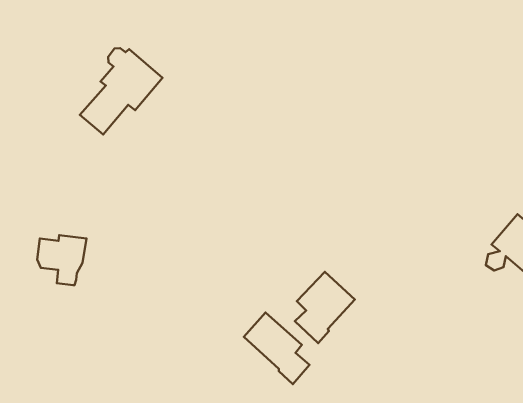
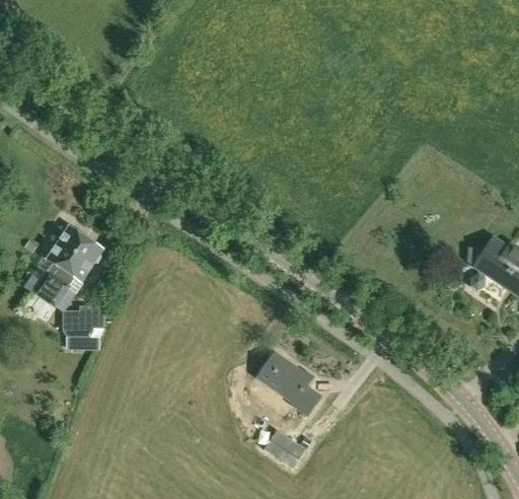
building: [80,48,163,134] -> [32,227,103,307]
building: [295,272,355,343] -> none

